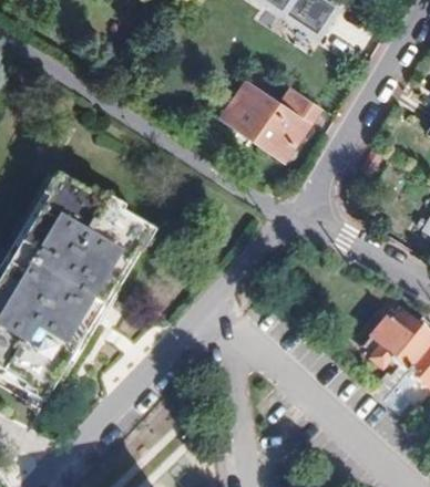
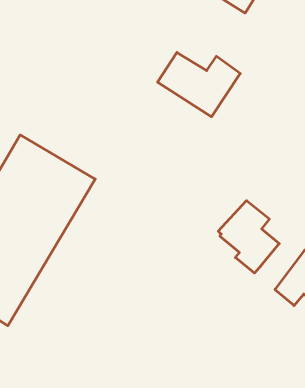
building: none -> [218,201,279,273]

